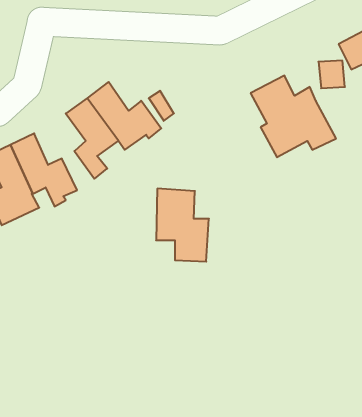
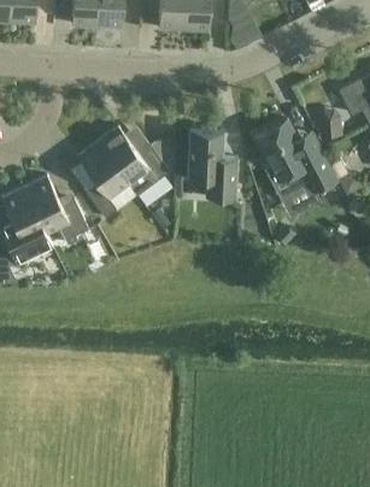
building: [156,189,209,262] -> [187,129,237,199]

